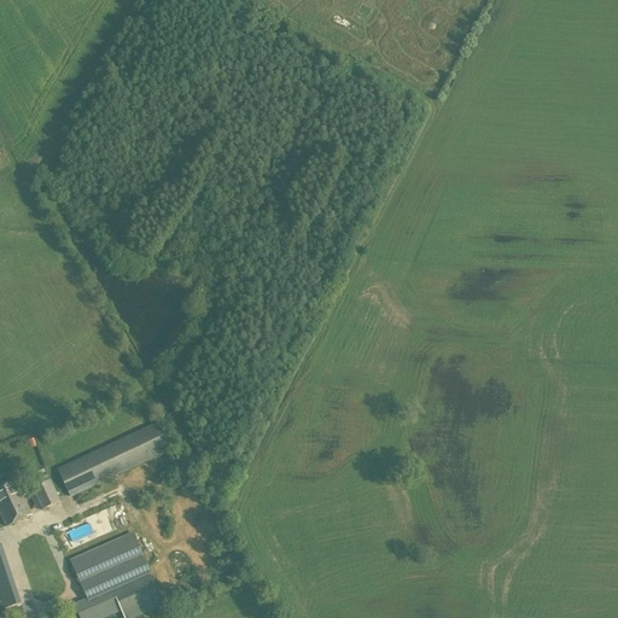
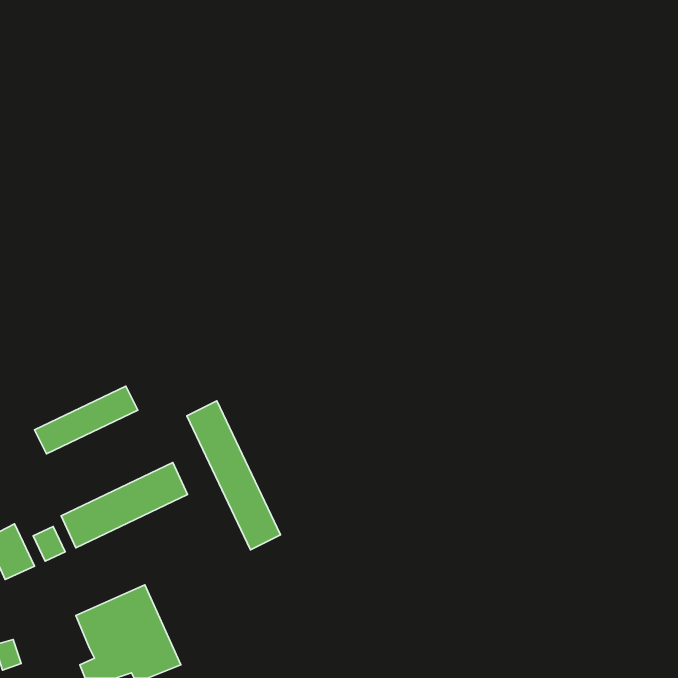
building: none -> [35,386,138,454]
building: none -> [187,401,281,550]

